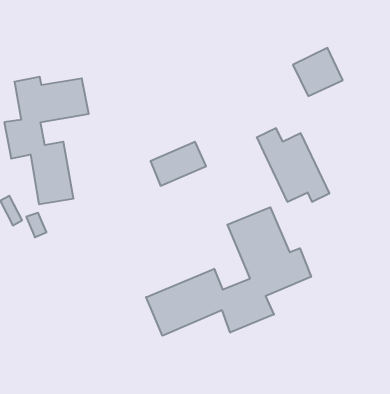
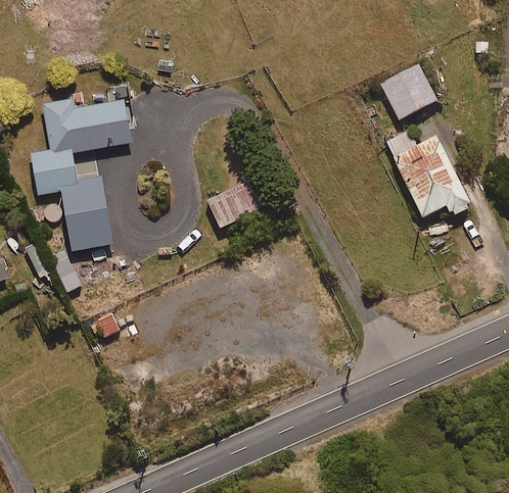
building: [257,128,329,202] -> [384,129,472,217]
building: [146,207,311,336] -> none

